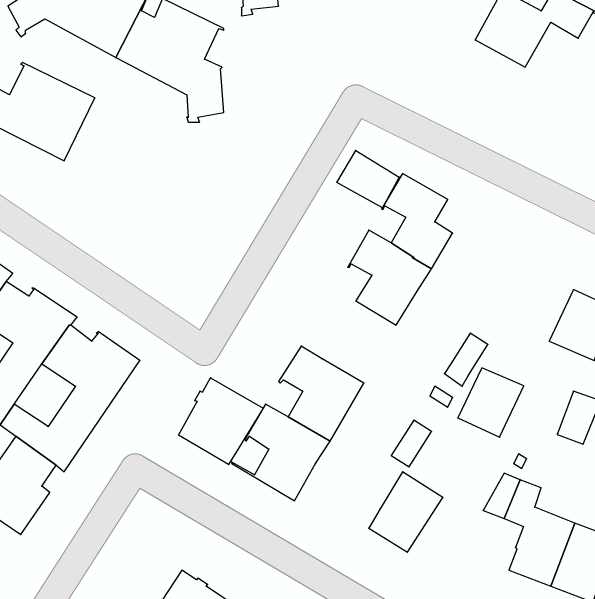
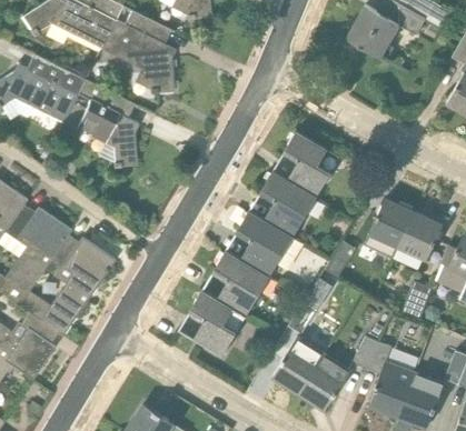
building: none -> [62,79,136,168]
building: [337,150,399,208] -> none
building: none -> [235,210,291,275]
building: [458,368,524,437] -> [368,199,414,247]
building: [179,378,263,465] -> none
building: none -> [299,354,350,409]

